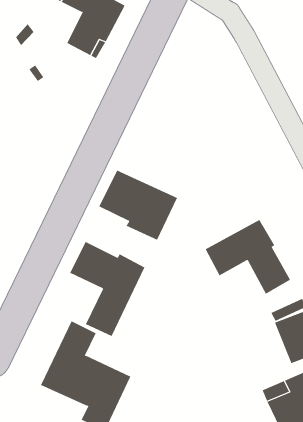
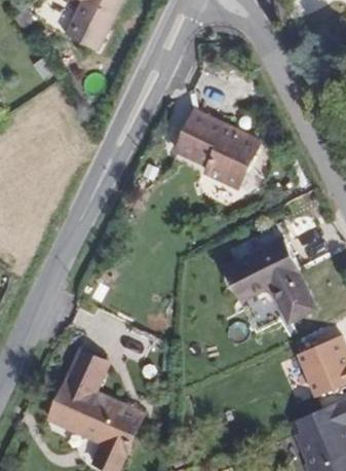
building: [98,170,178,240] -> [175,113,259,188]
building: [69,241,145,337] -> none

